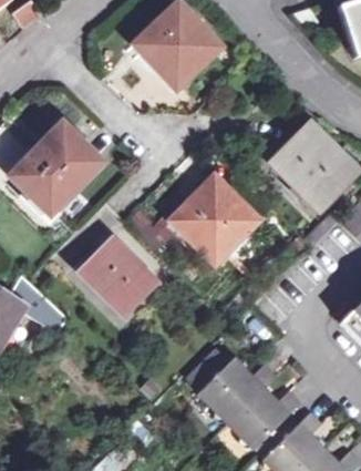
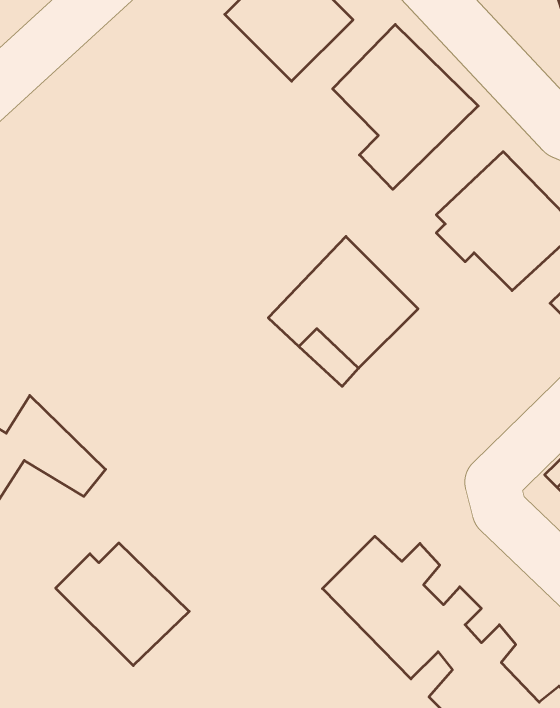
building: none -> [333,24,478,189]
building: [10,121,102,213] -> none
building: [74,238,156,314] -> [56,543,189,666]

